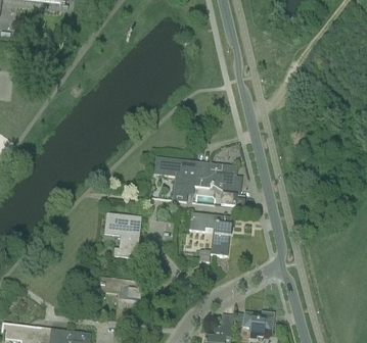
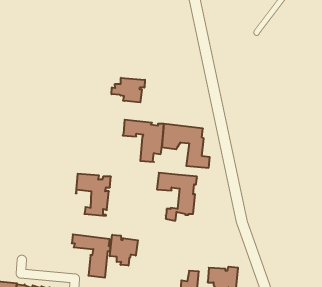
building: none -> [112,78,145,102]
building: none -> [110,235,138,266]

